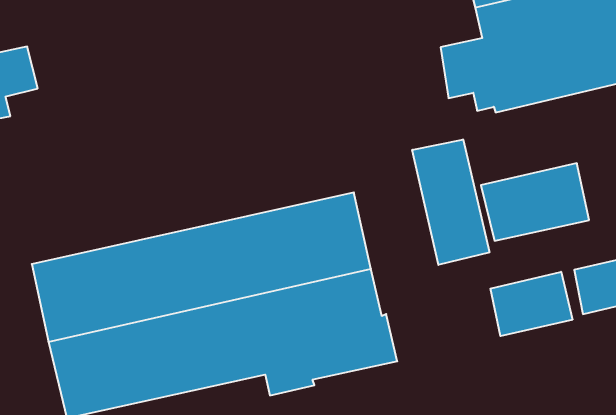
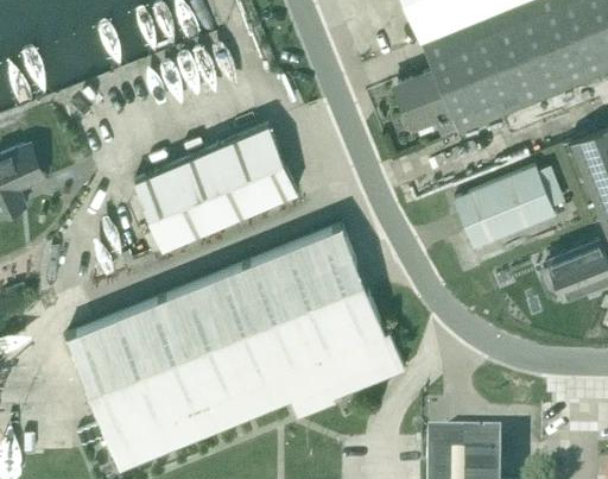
building: none -> [134,125,297,250]
building: [412,139,489,265] -> none
building: [490,272,572,336] -> none

